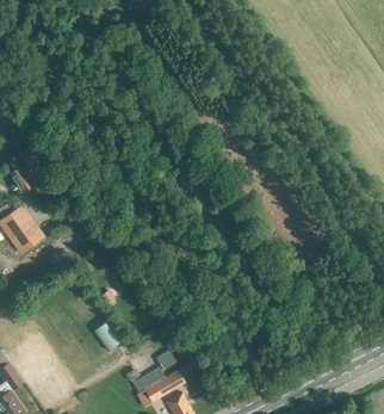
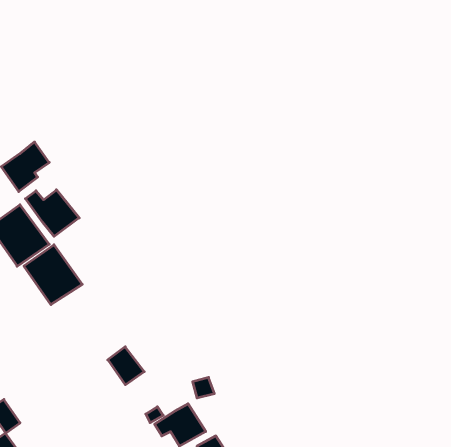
building: none -> [25,190,79,236]
building: none -> [24,245,82,305]

